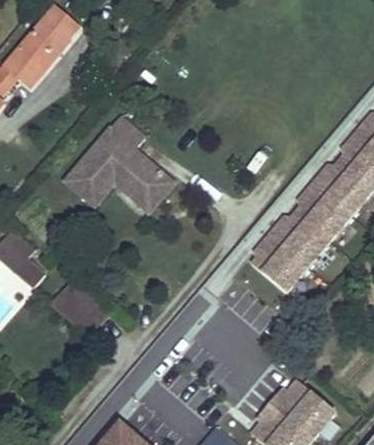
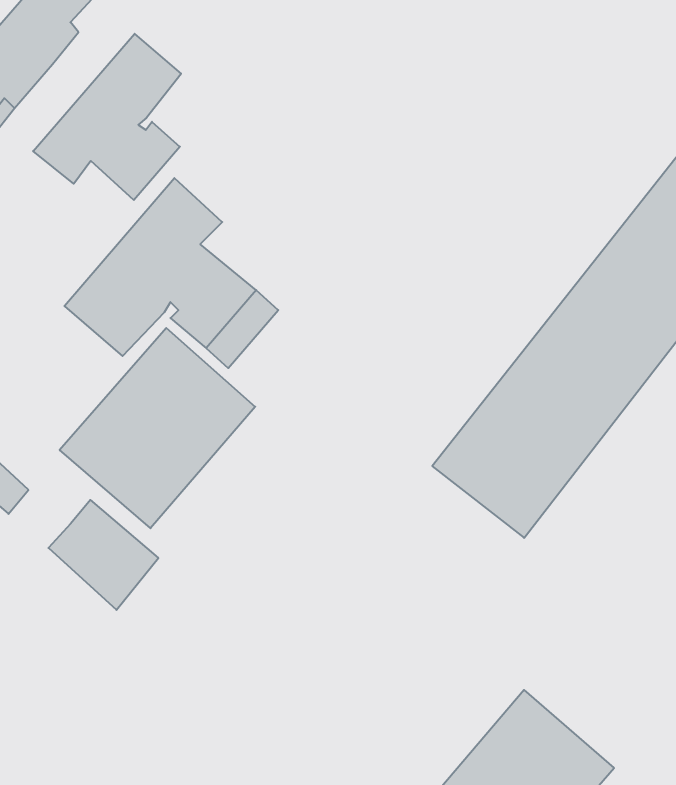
building: none -> [33,34,181,200]
building: none -> [60,328,255,528]

